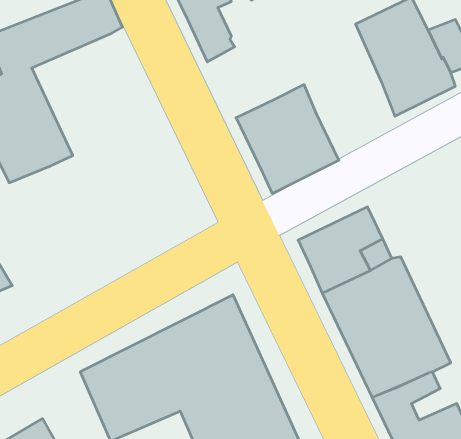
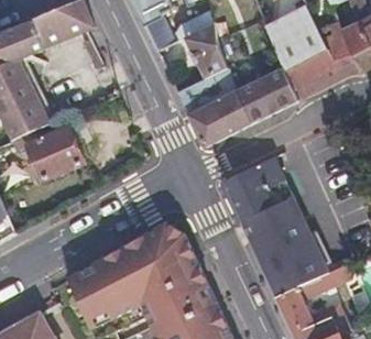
building: none -> [183,22,226,79]
building: none -> [234,66,296,123]
building: none -> [11,127,84,179]

